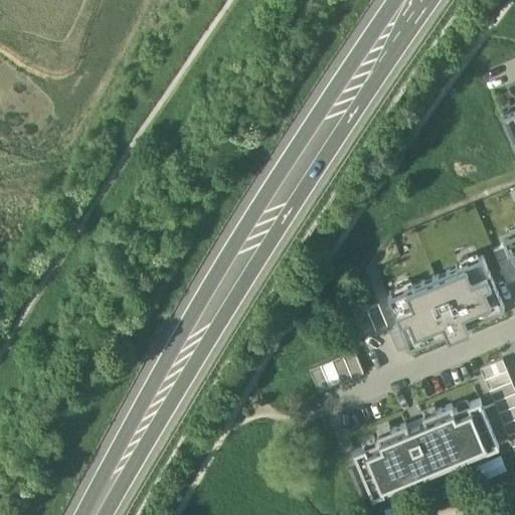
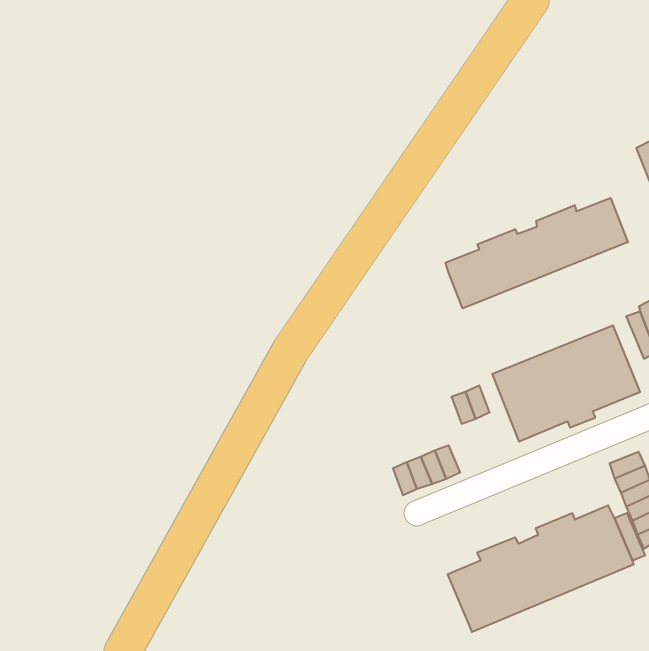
building: none -> [446,198,628,308]

